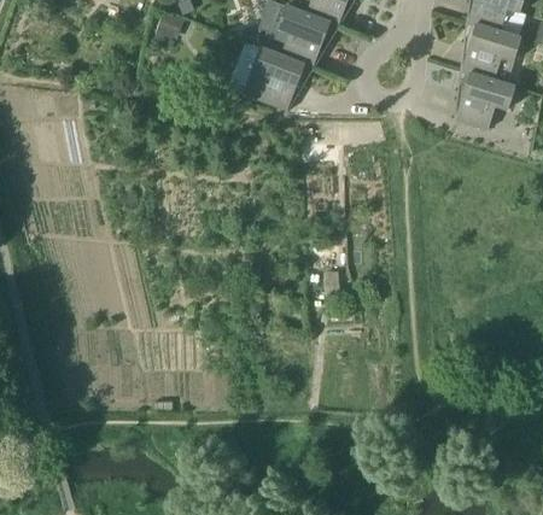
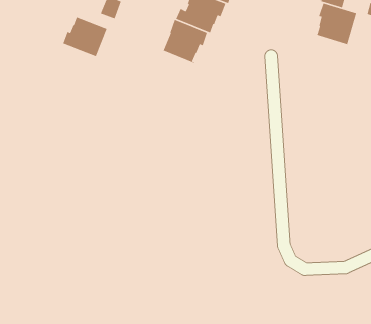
building: none -> [58,15,113,57]
building: [454,69,515,129] -> none

